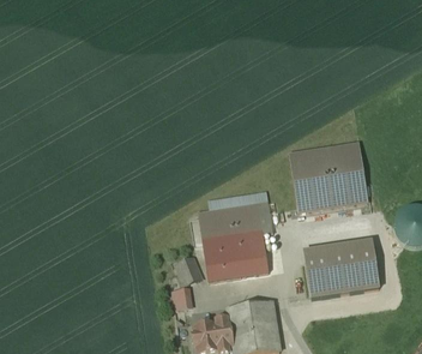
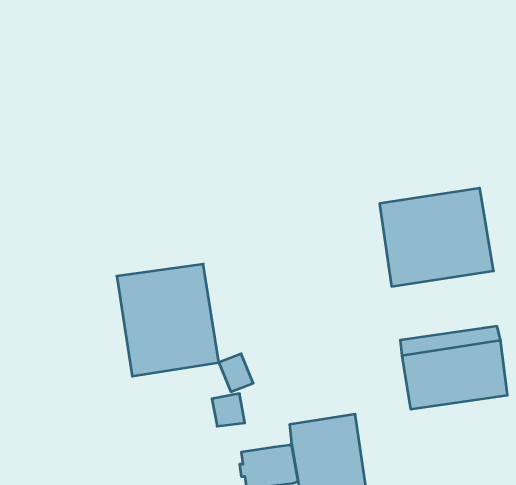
building: [198,203,269,281] -> [117,264,219,376]

